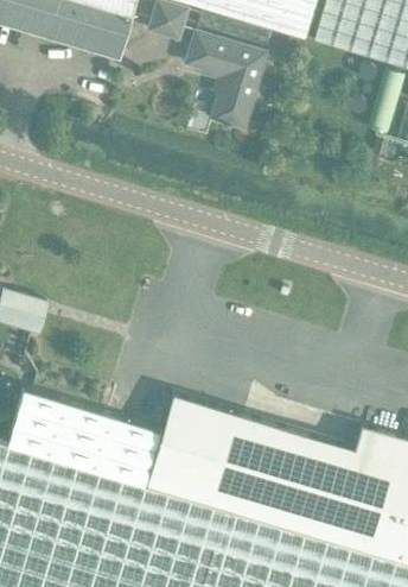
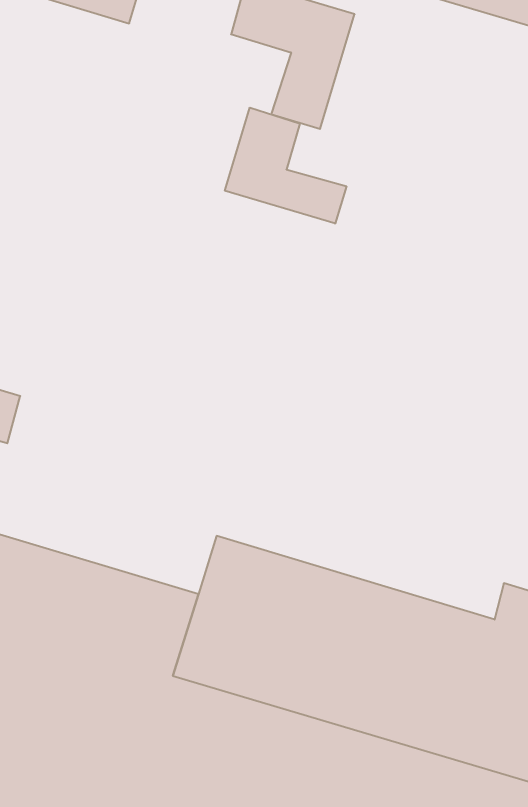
building: none -> [225,108,346,224]

